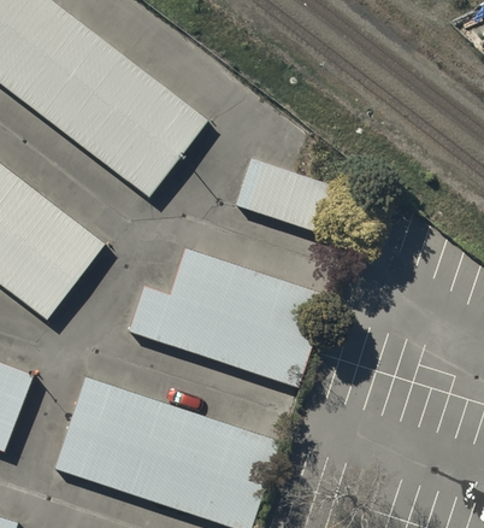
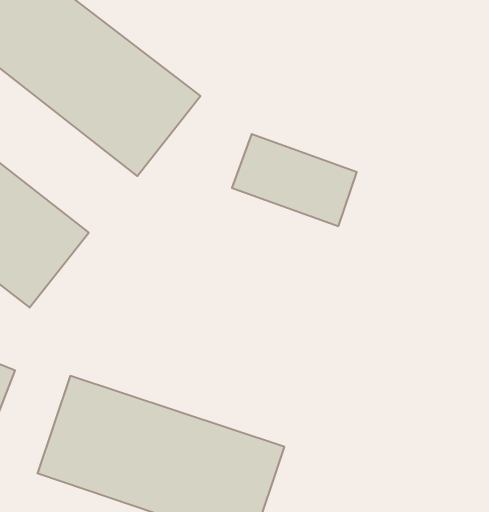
building: [128,250,325,388] -> none

